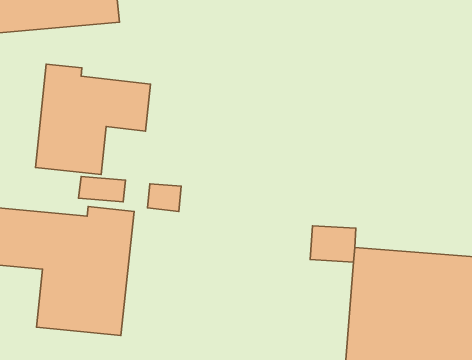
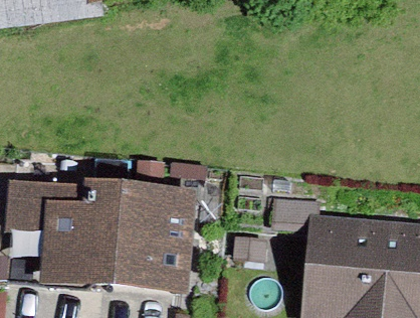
building: [36,64,150,175] -> none
building: none -> [107,179,189,292]

